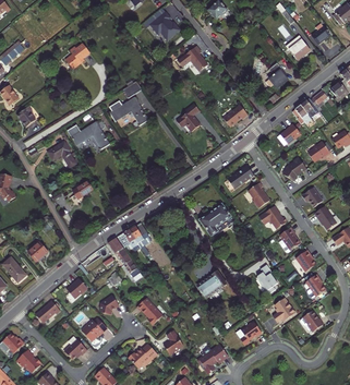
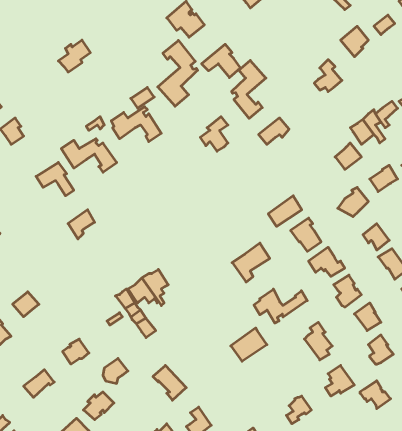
building: none -> [158,40,198,106]
building: none -> [232,60,266,118]
building: none -> [254,289,307,323]

